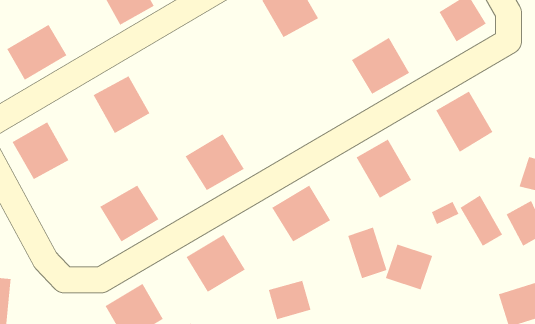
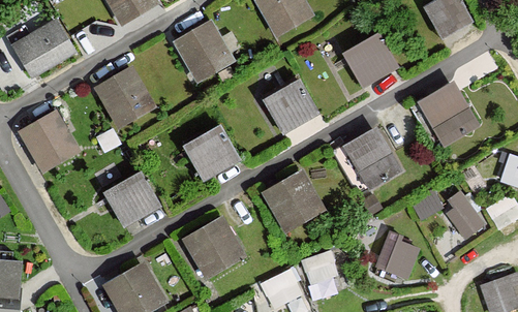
building: none -> [177,27,231,82]
building: none -> [265,81,322,136]
building: [347,227,388,279] -> [305,247,343,297]

